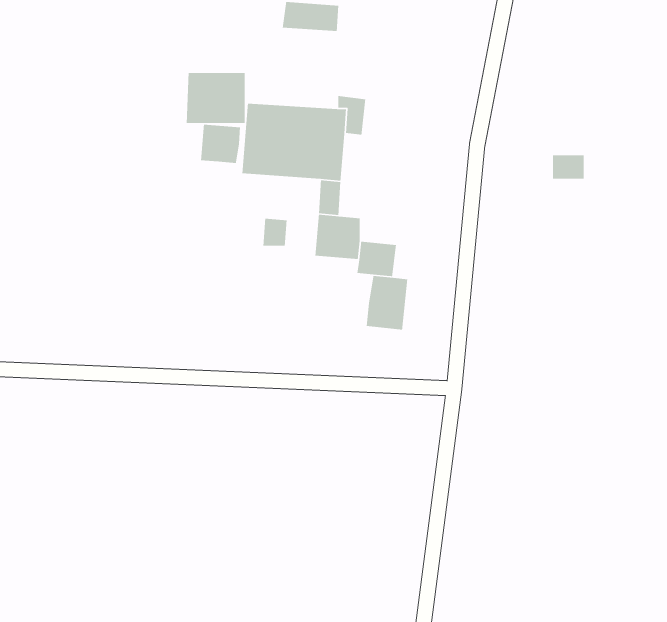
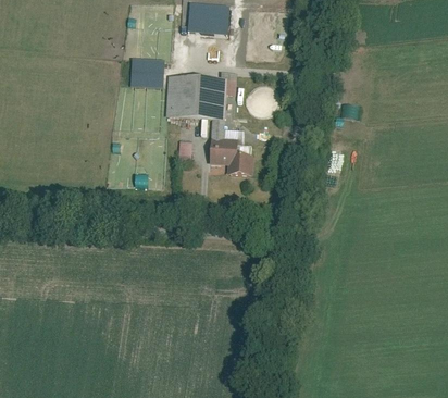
building: [200,124,241,164] -> none
building: [366,275,408,331] -> none

